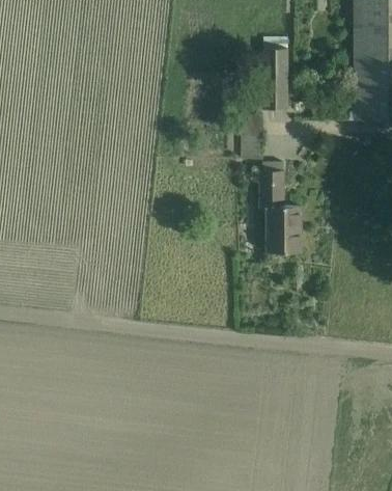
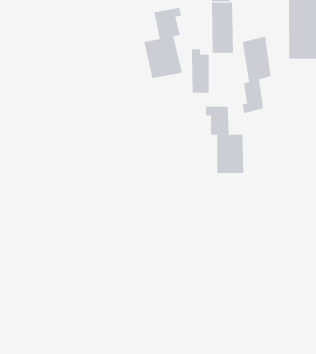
building: none -> [144,7,183,79]
building: none -> [242,36,271,114]

